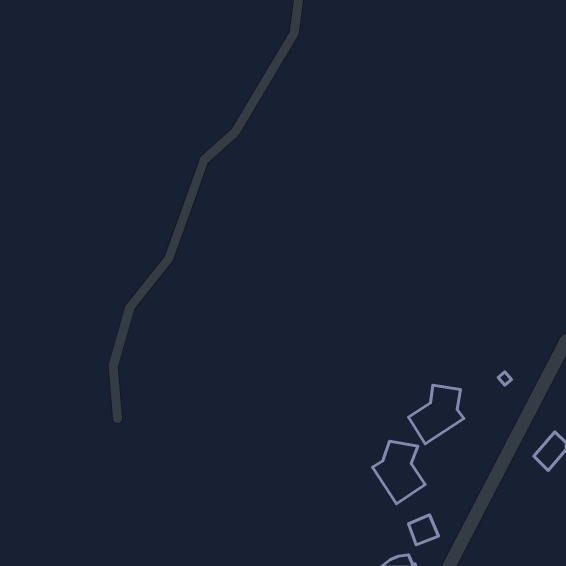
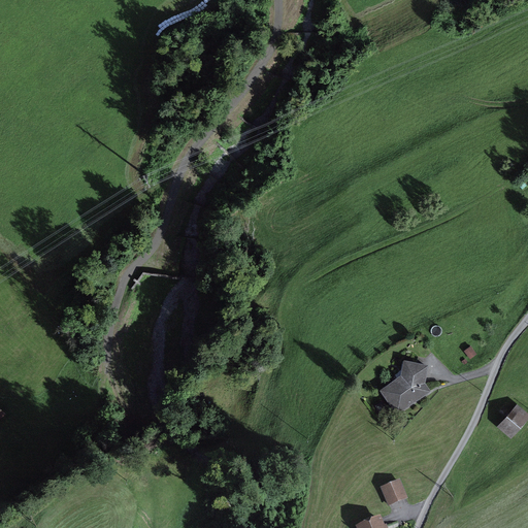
building: [372,441,425,504] -> none

